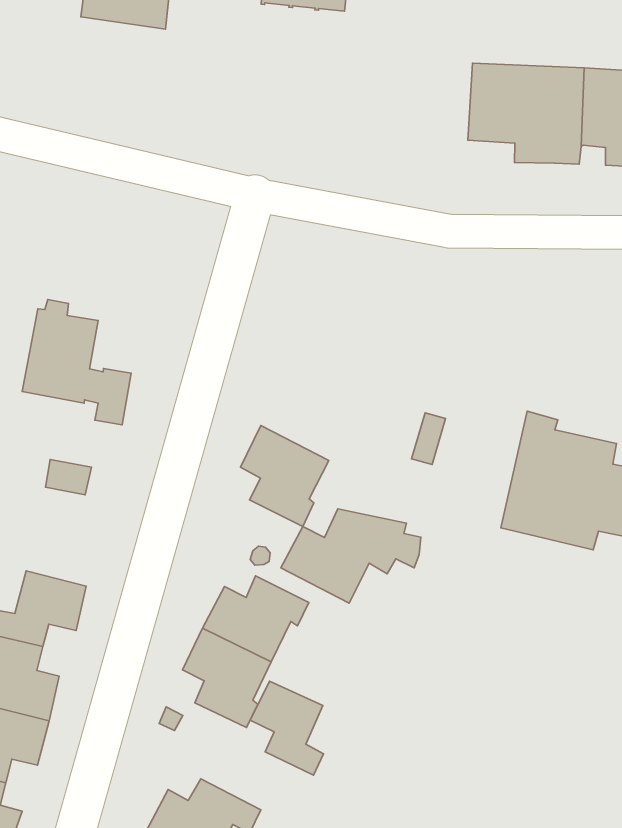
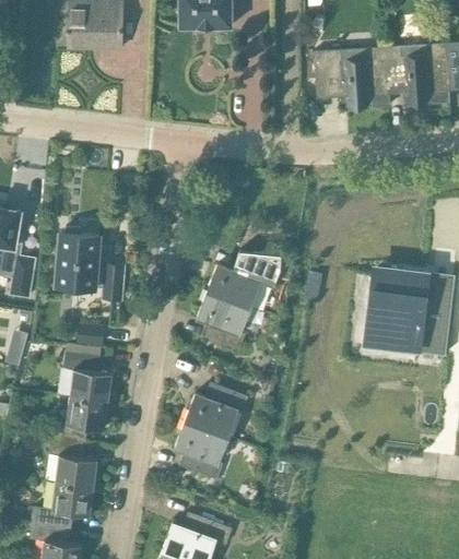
building: none -> [63,352,113,402]
building: [281,509,421,603] -> [207,250,292,308]
building: [250,681,323,775] -> none

